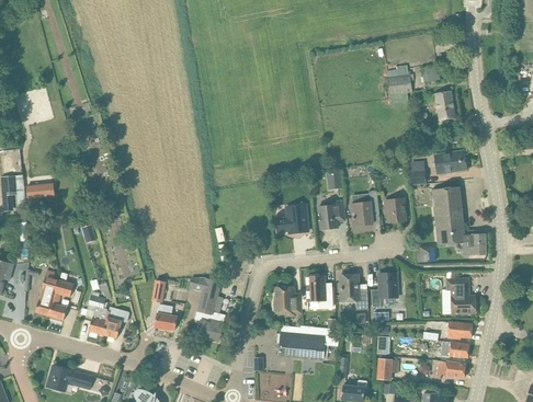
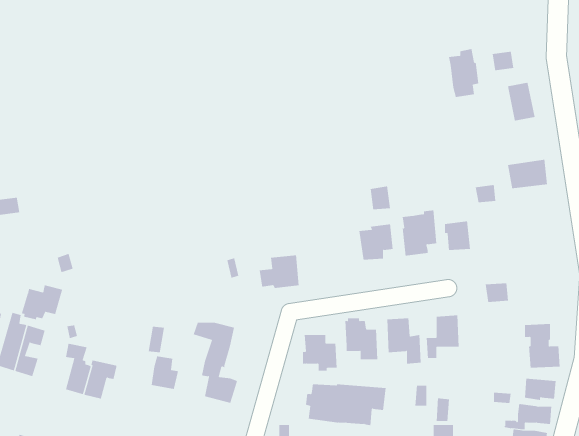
building: [432,186,486,254] -> none
building: [277,205,309,231] -> [259,255,299,288]
building: none -> [21,285,63,320]

